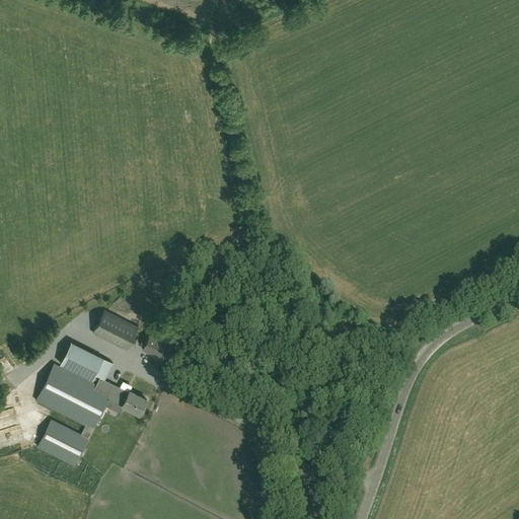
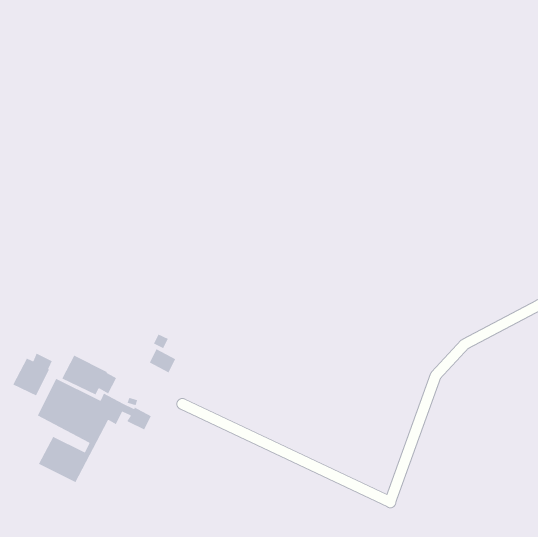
building: [93,310,139,352] -> none
building: none -> [12,353,53,396]

